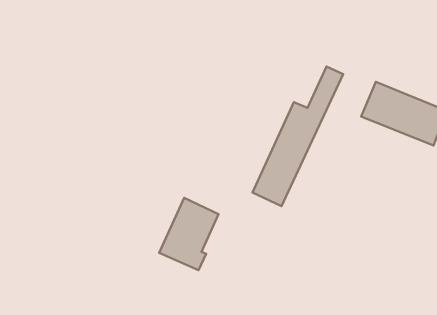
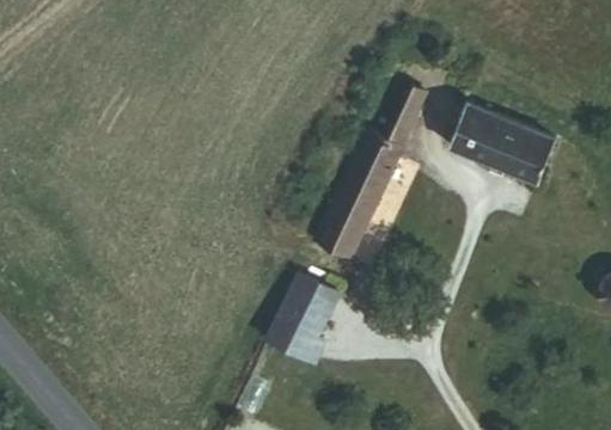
building: [159,198,219,270] -> [267,274,341,363]

